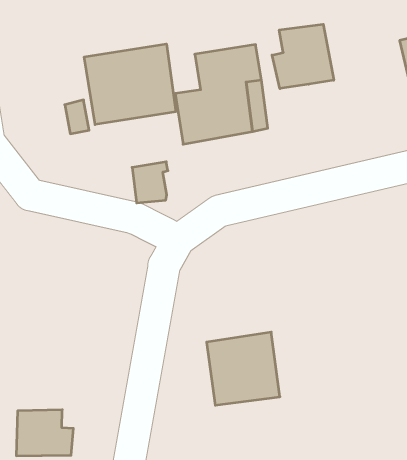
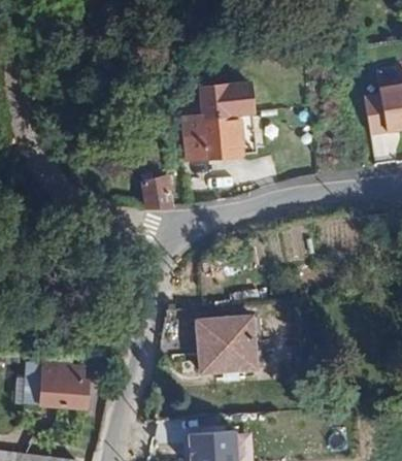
building: [272,24,334,89] -> none
building: [84,44,176,125] -> none

